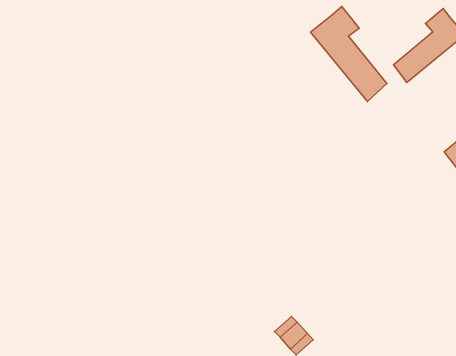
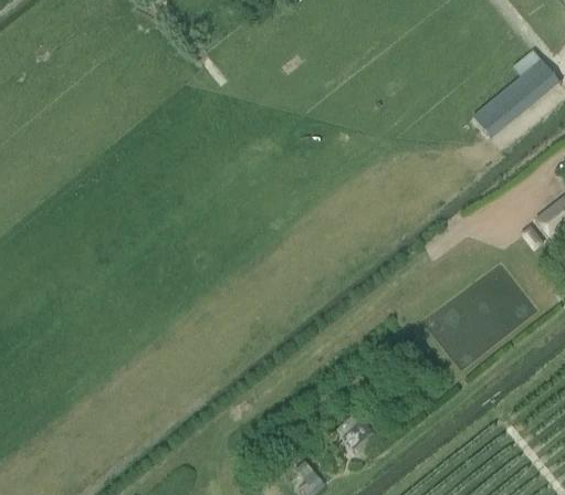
building: [310,6,387,101] -> none

